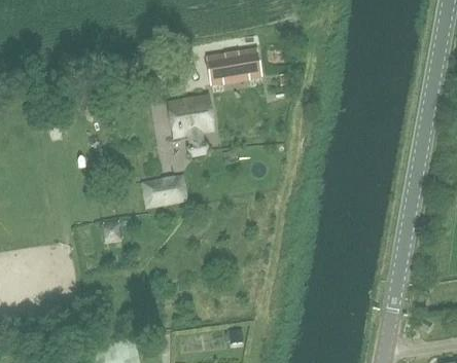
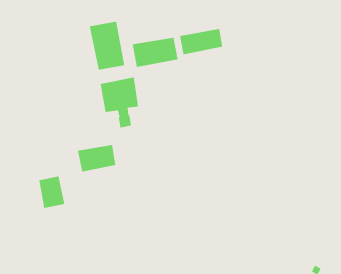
building: none -> [89,21,125,70]
building: none -> [180,28,223,55]

